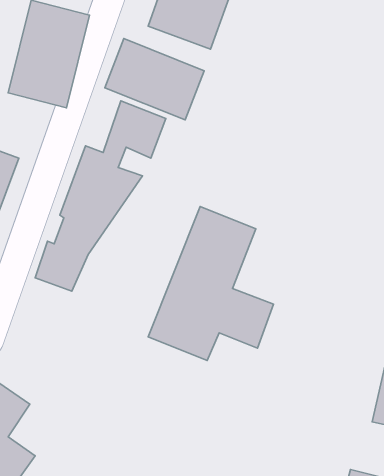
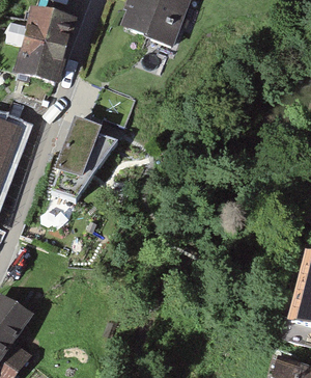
building: [105,39,204,120] -> none
building: [148,207,273,361] -> none

